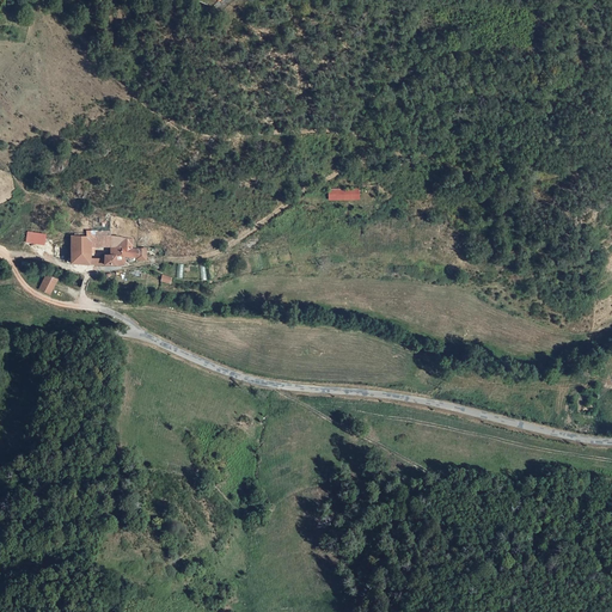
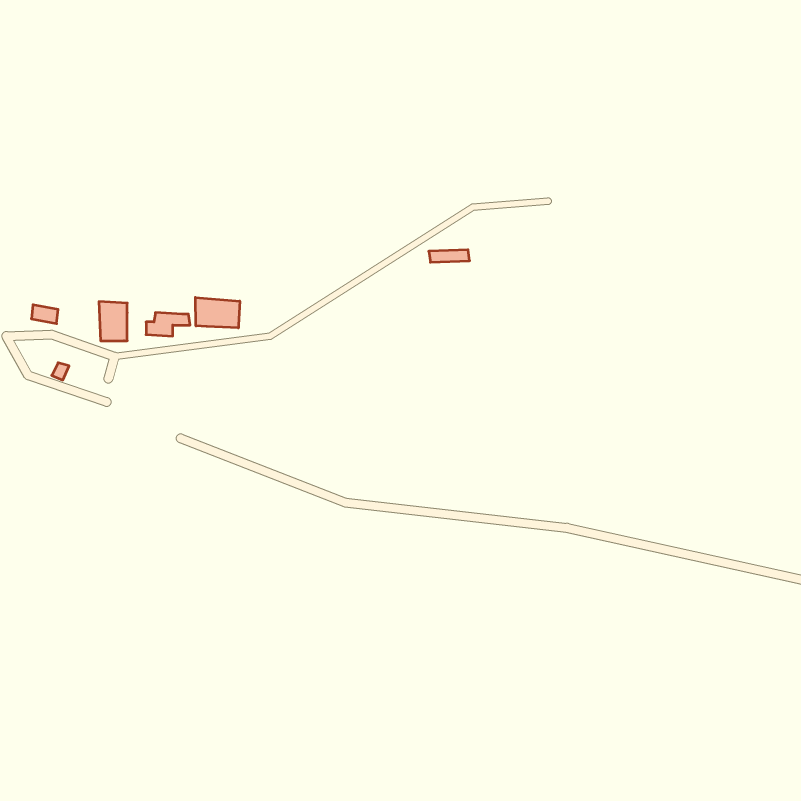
building: none -> [195,297,240,328]

